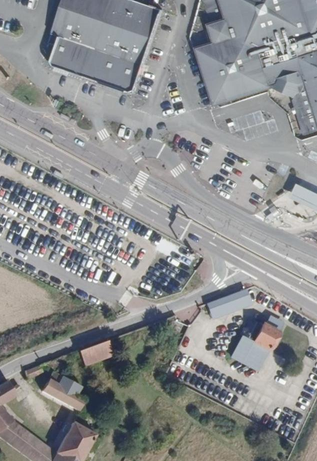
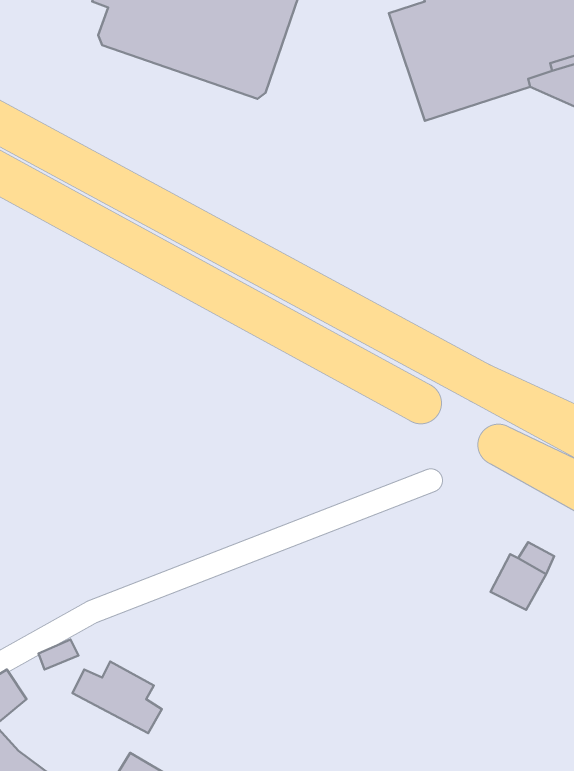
building: [204,288,250,319] -> none
building: [229,334,267,371] -> none
building: [76,342,109,368] -> none

